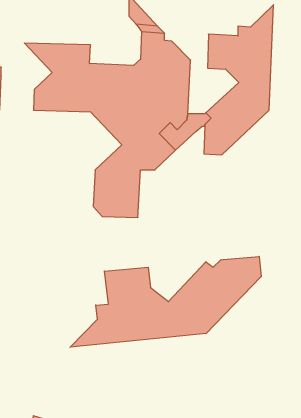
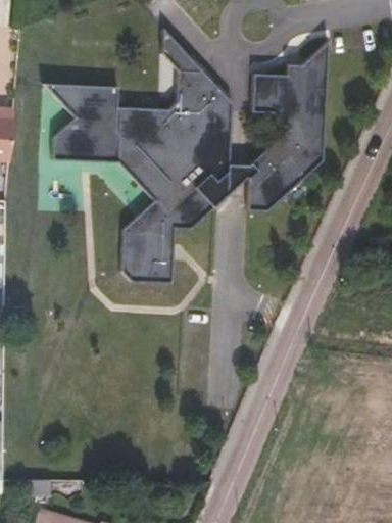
building: [70,256,261,347] -> none

